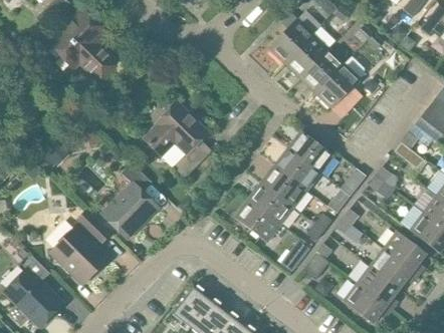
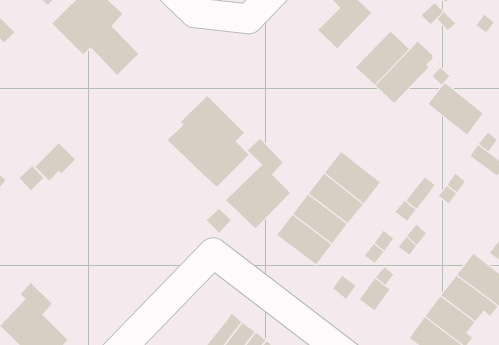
building: [284,33,328,78] -> none
building: [287,129,334,174] -> [428,82,483,135]
building: [102,162,157,238] -> [225,138,291,229]
building: [52,211,109,283] -> none

